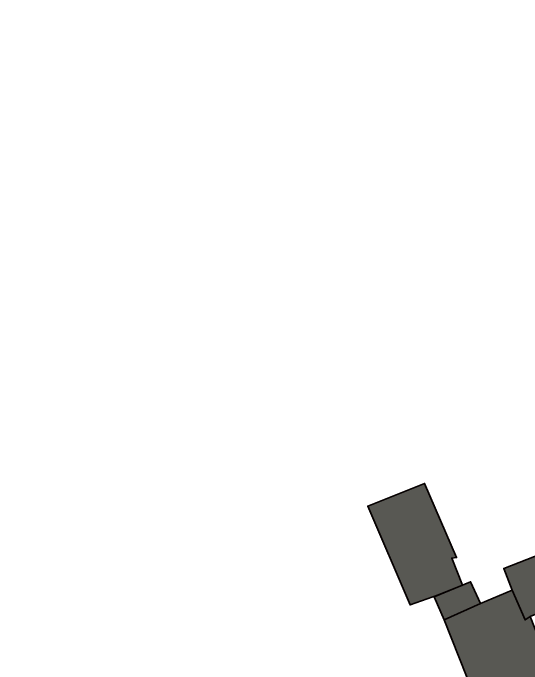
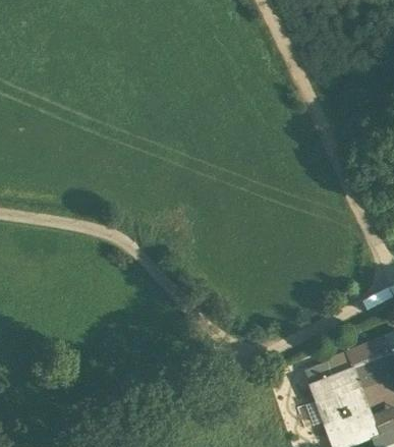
building: [368,483,462,605] -> none

